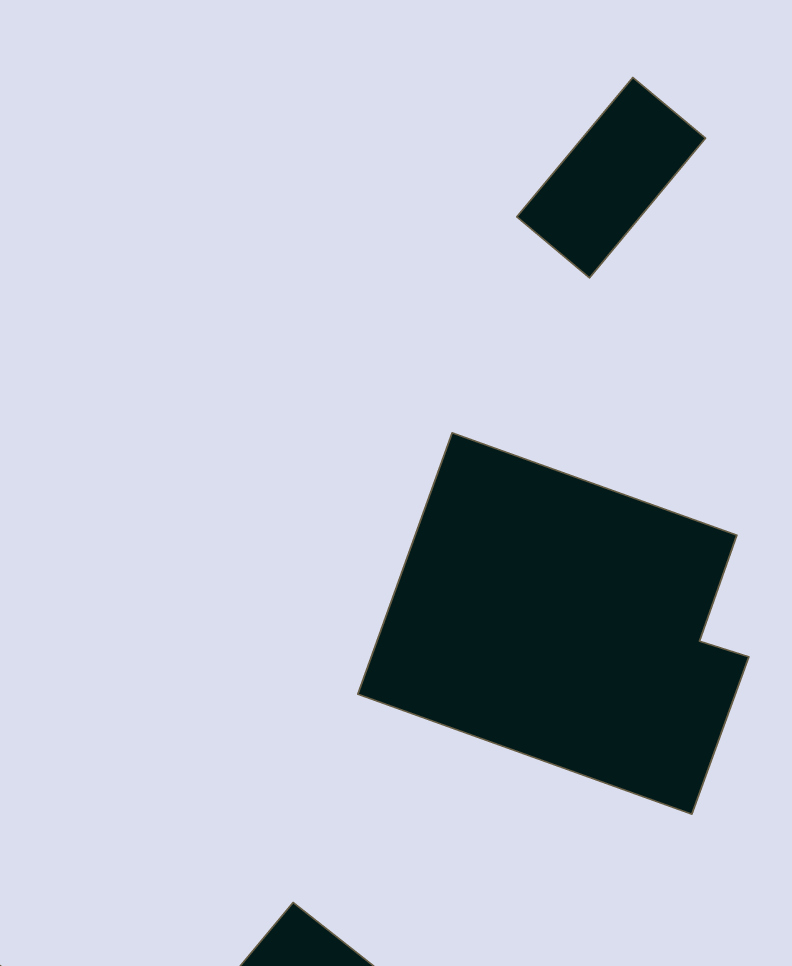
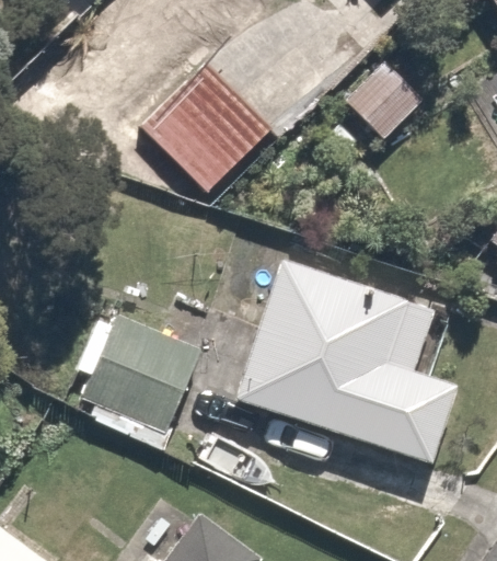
building: none -> [140,64,281,205]
building: none -> [83,307,218,437]

